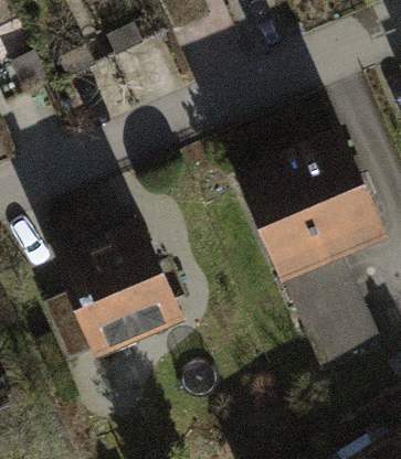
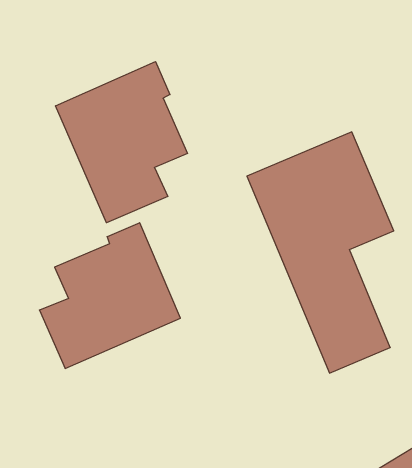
building: none -> [56,62,188,223]

